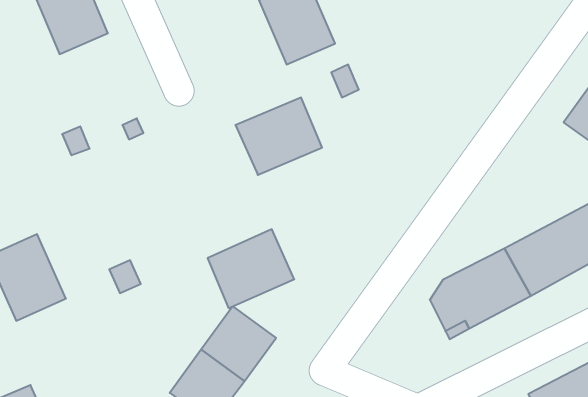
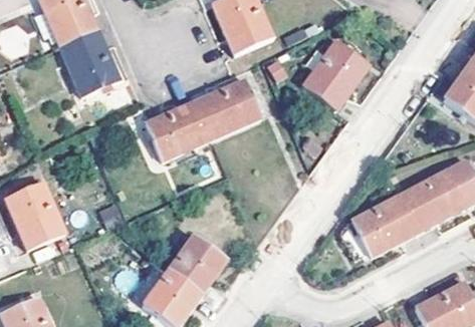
building: none -> [60,28,120,93]
building: none -> [304,40,371,109]
building: [208,229,294,308] -> [146,98,212,158]

